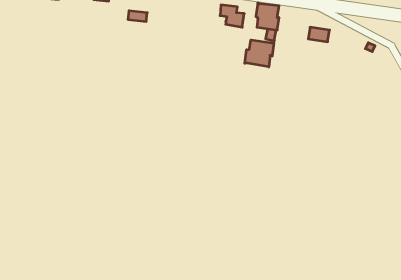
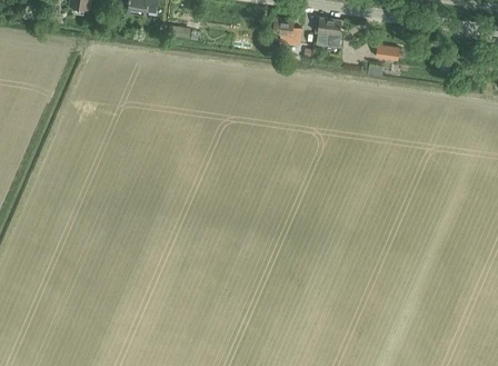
building: [245,40,274,67] -> none

